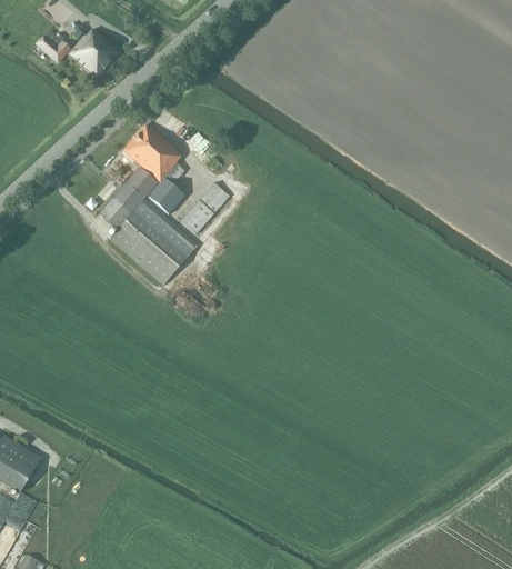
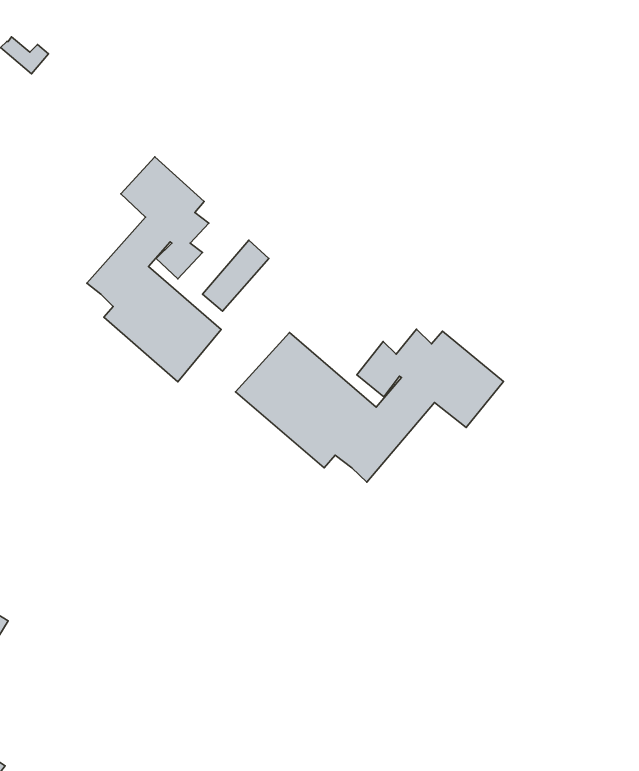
building: [68,29,119,79] -> none
building: none -> [235,329,504,482]

